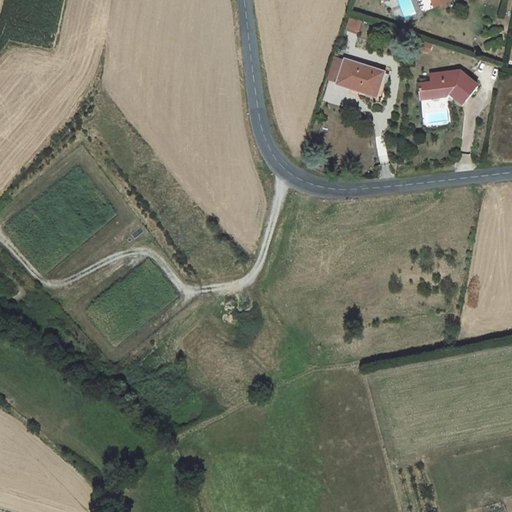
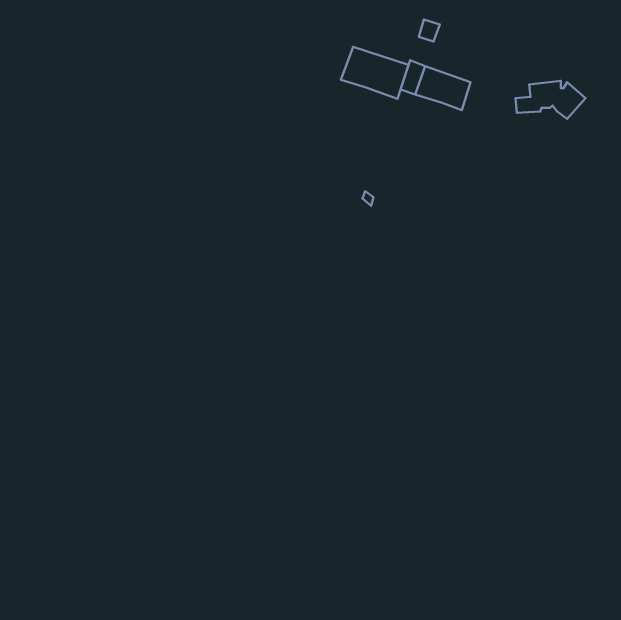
building: none -> [341,47,409,99]

